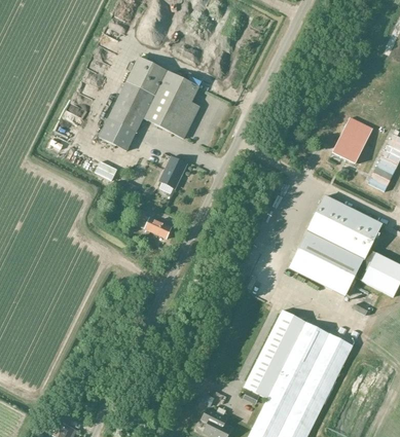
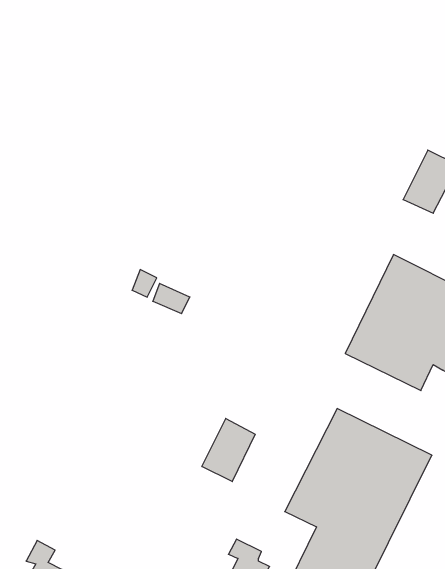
building: [98,57,199,151] -> none
building: [158,156,186,187] -> none
building: none -> [202,418,255,482]

